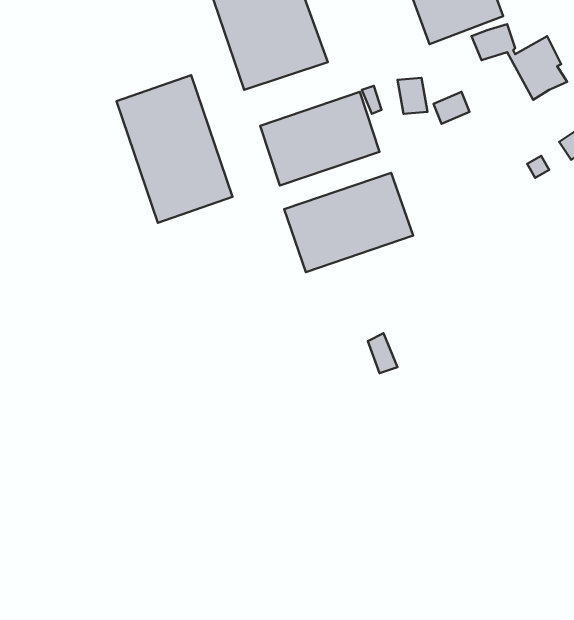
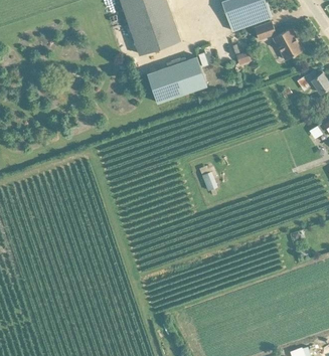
building: [116,75,233,223] -> none
building: [284,173,413,272] -> none

